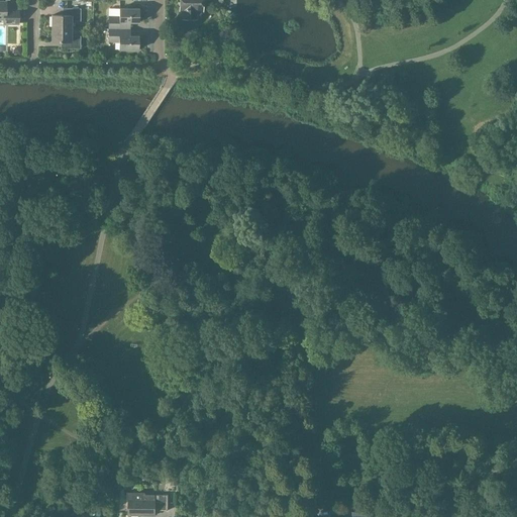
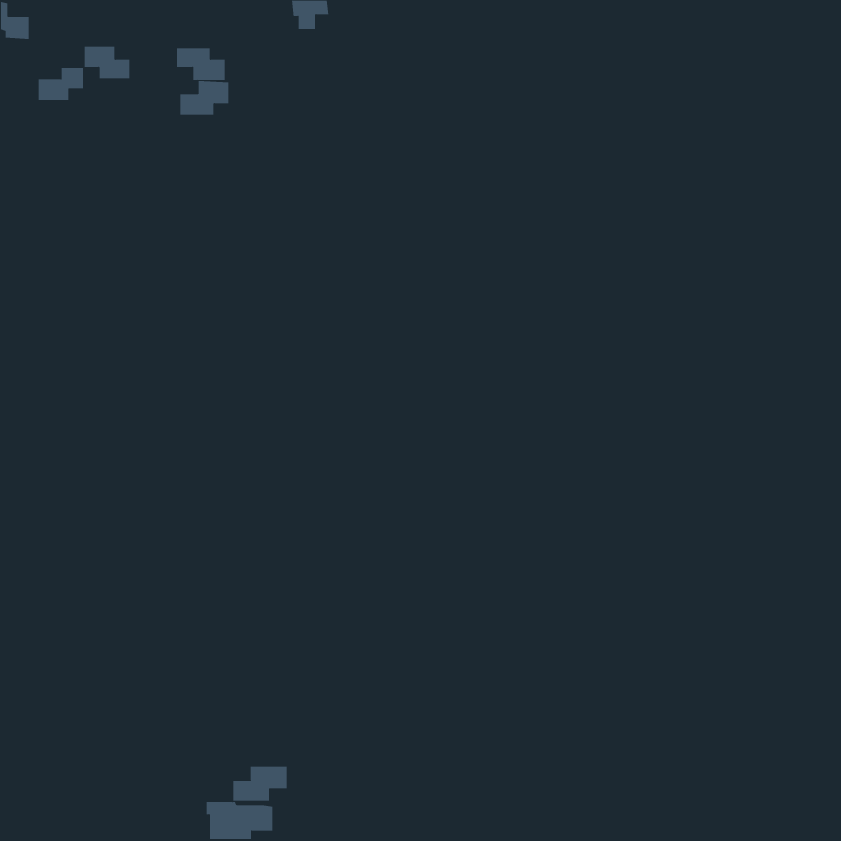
building: [51,8,80,28] -> [38,67,84,100]
building: [108,8,138,29] -> [180,81,229,115]
building: none -> [233,766,287,802]

